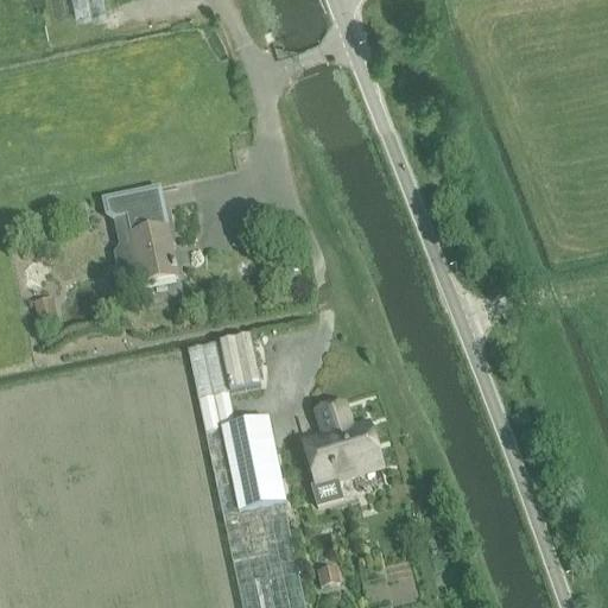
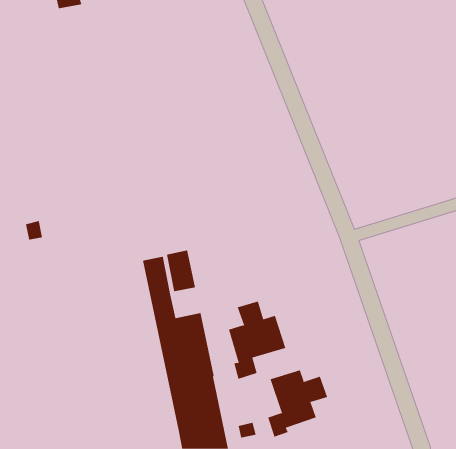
building: [104,185,177,283] -> none
building: none -> [268,369,328,438]

